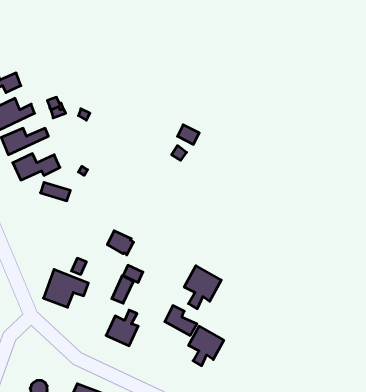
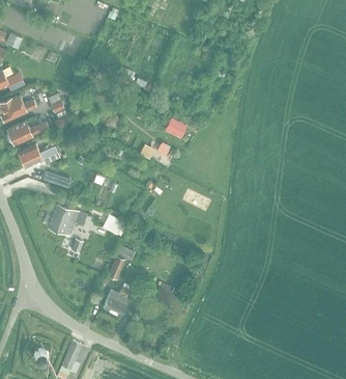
building: [184,266,221,309] -> none
building: [43,269,88,307] -> [47,201,87,236]
building: [189,326,224,366] -> none

